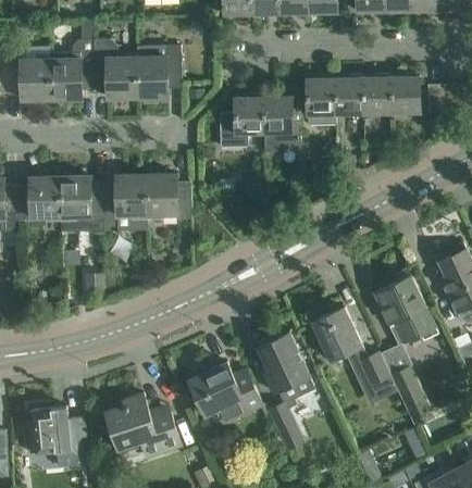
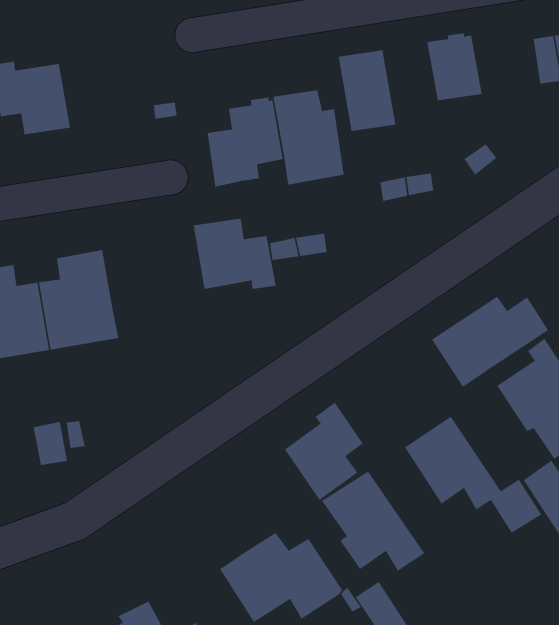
building: [135,39,181,97] -> none
building: [389,73,419,113] -> none
building: [334,74,362,124] -> none
building: [145,174,190,218] -> [193,218,276,290]
building: none -> [431,296,549,388]
building: none -> [284,402,363,501]

